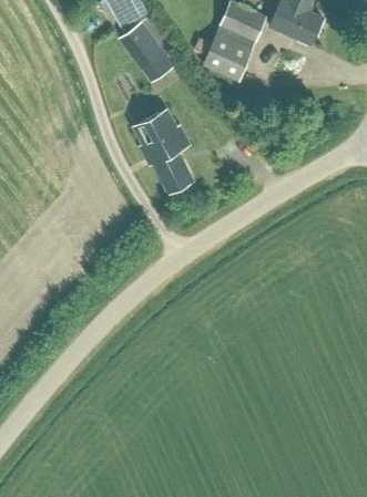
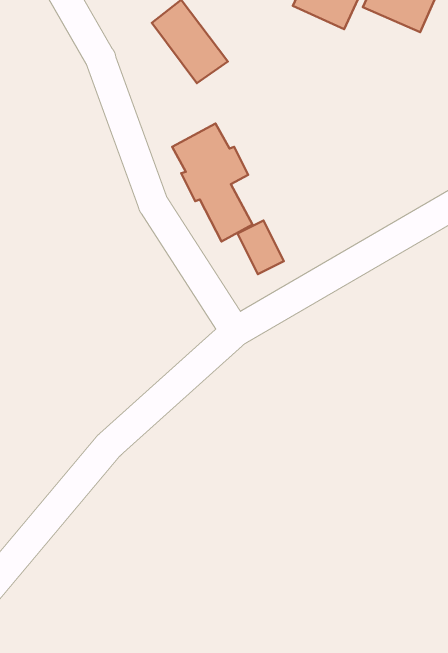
building: [194,34,253,81] -> none
building: none -> [238,221,284,274]

